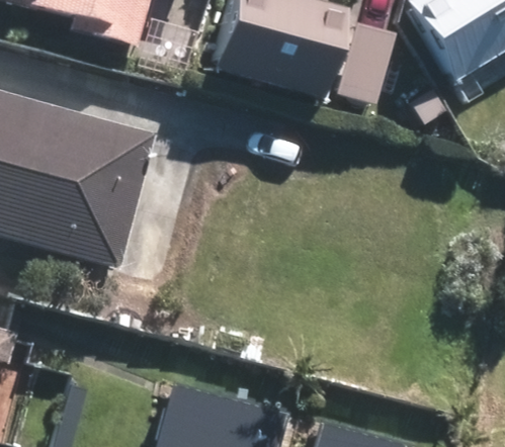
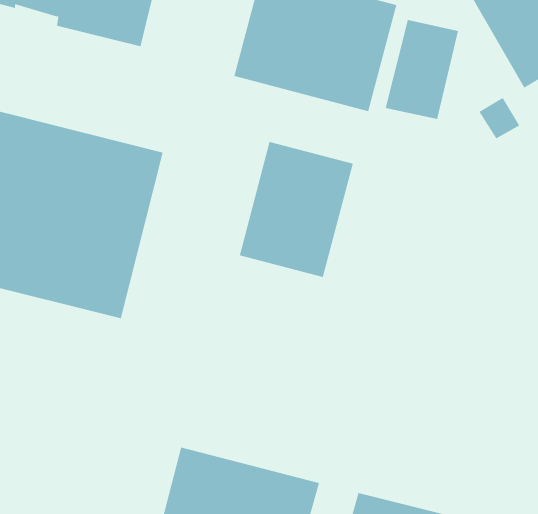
building: none -> [239,141,353,278]

